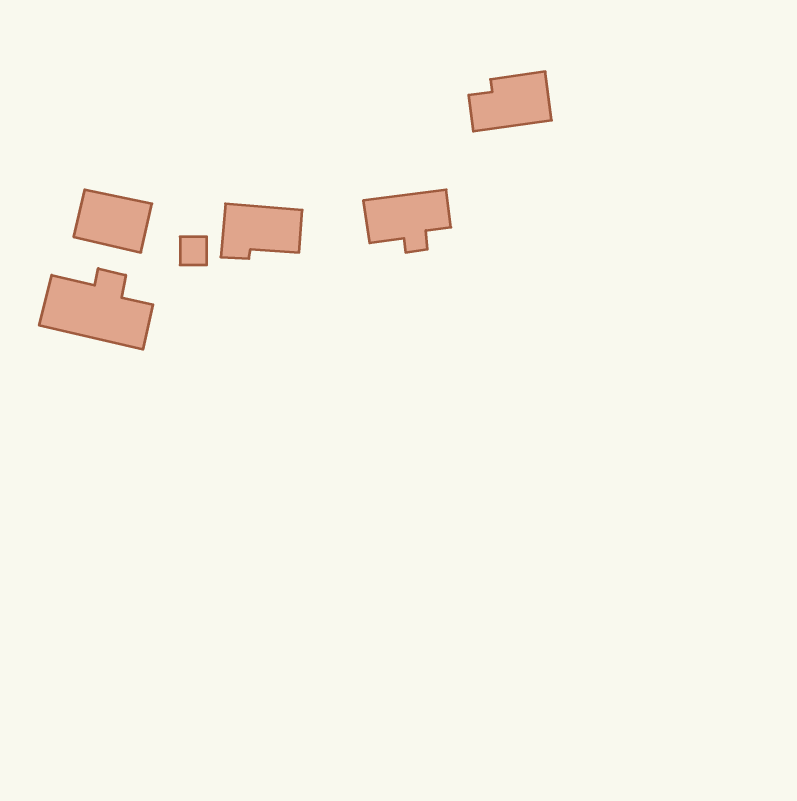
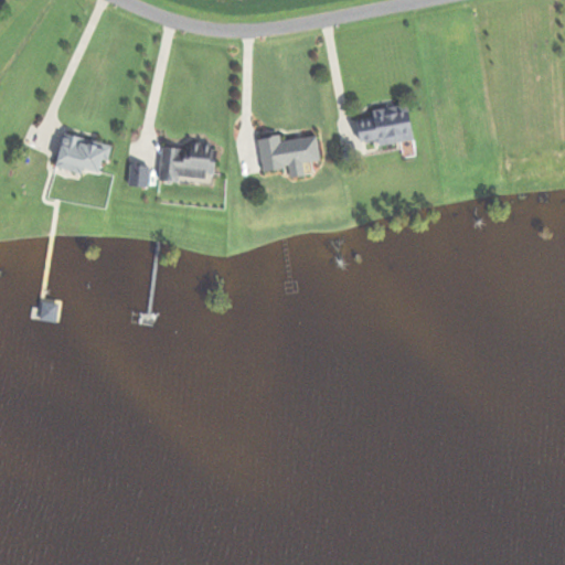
building: [469,72,552,131] -> [354,104,413,146]
building: [39,268,153,349] -> none

